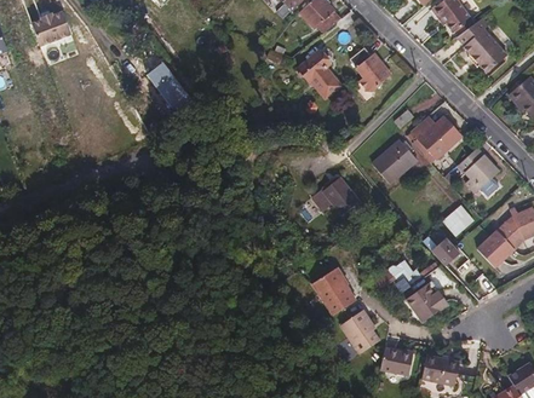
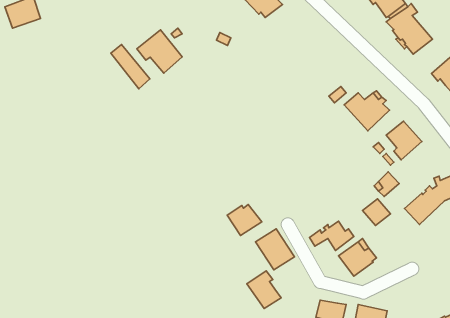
building: none -> [137,30,182,73]
building: [350,47,391,91] -> none
building: [298,50,339,96] -> none
building: [372,139,417,183] -> none
building: [317,175,357,213] -> none
building: none -> [227,205,262,235]
building: [340,310,379,352] -> [247,271,281,309]

